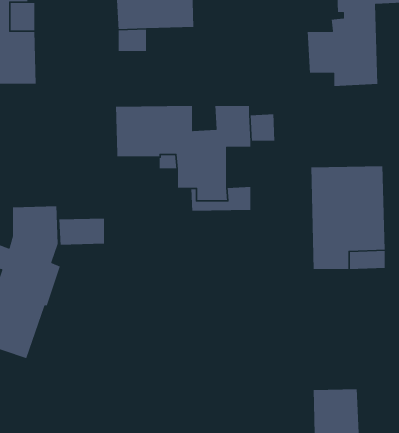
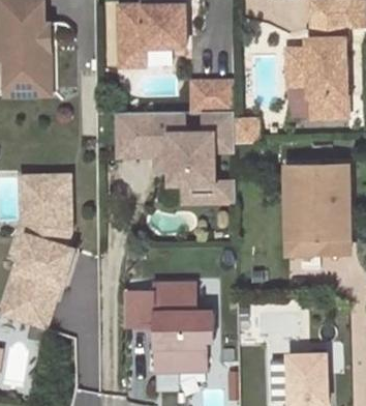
building: none -> [192,82,234,112]
building: none -> [284,85,344,119]
building: [59,218,105,246] -> [30,175,69,199]
building: none -> [125,284,214,372]

